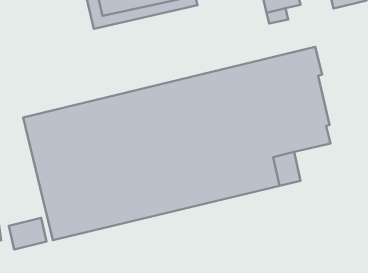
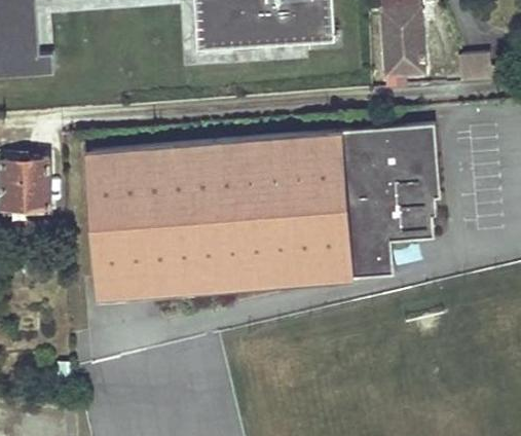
building: [9,218,46,249] -> none

